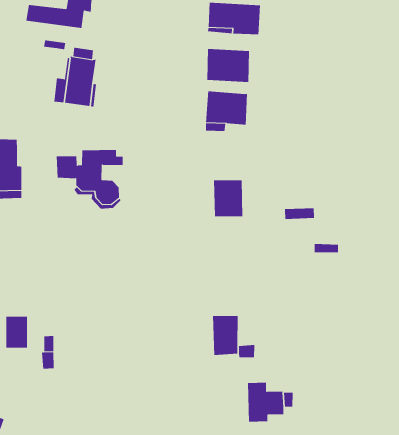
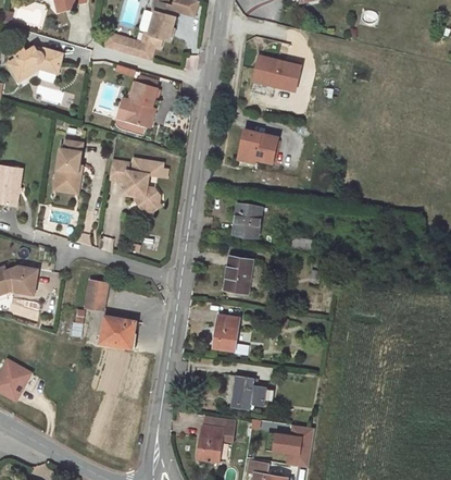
building: [207,48,249,83] -> none
building: none -> [224,256,252,292]
building: [5,316,28,348] -> [85,280,108,309]
building: none -> [100,316,136,347]

